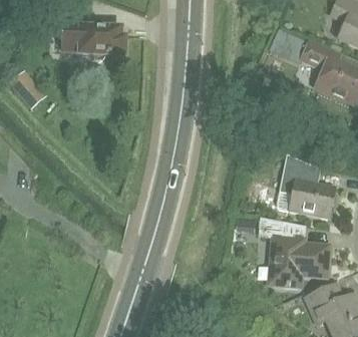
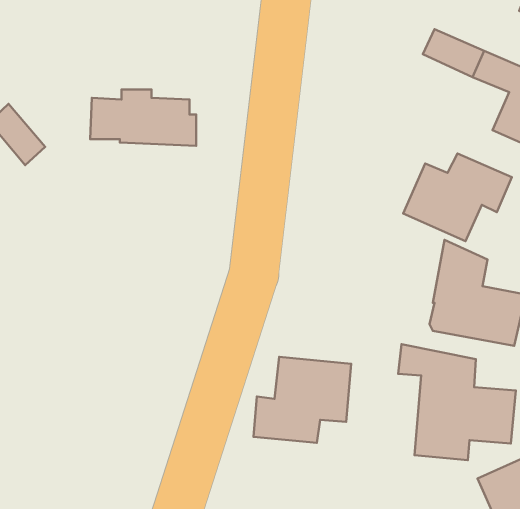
building: [61,22,125,56] -> [90,90,196,146]
building: none -> [403,153,512,241]
building: none -> [253,357,351,443]

